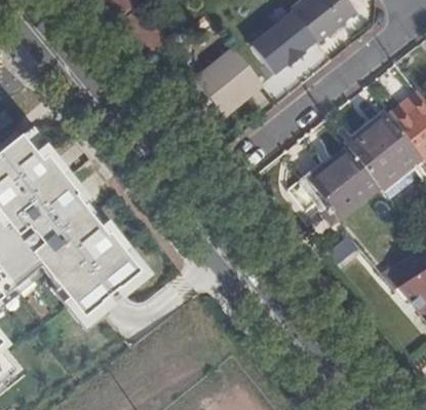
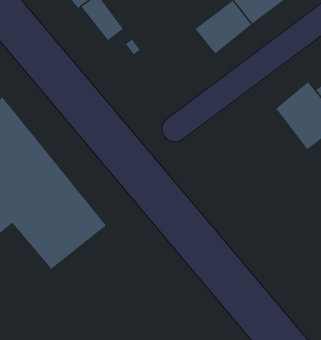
building: [194,44,263,113] -> none
building: [300,142,382,225] -> none

